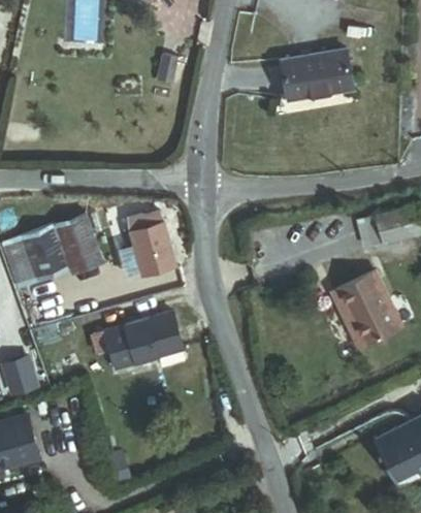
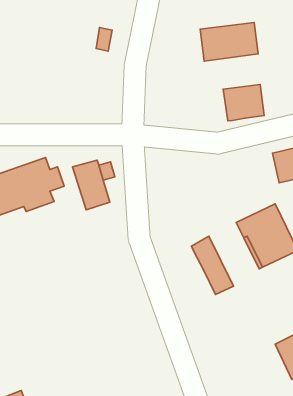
building: none -> [223,84,264,121]
building: none -> [191,236,233,295]
building: [87,312,180,371] -> none

